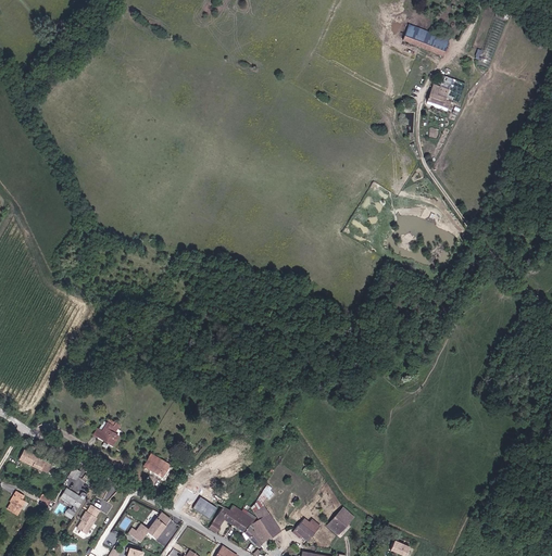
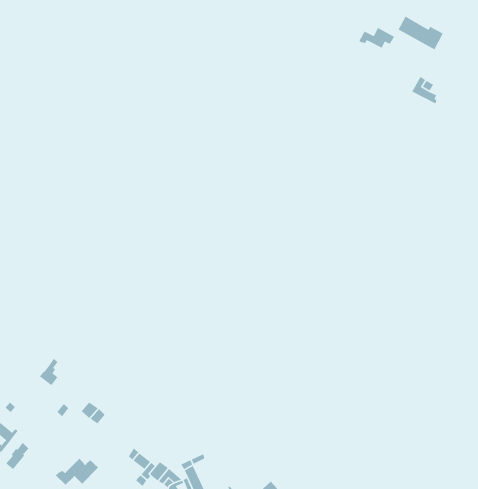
building: none -> [358,27,395,49]

